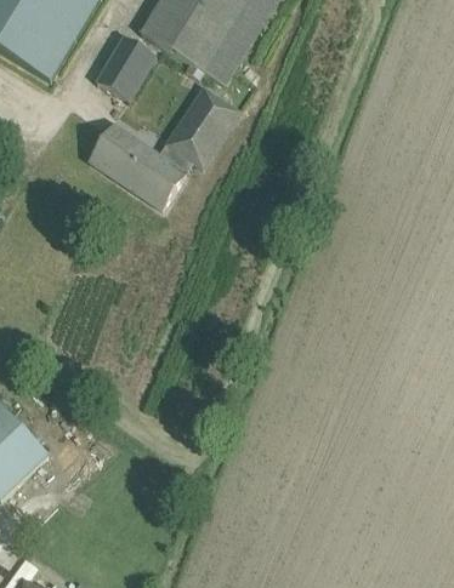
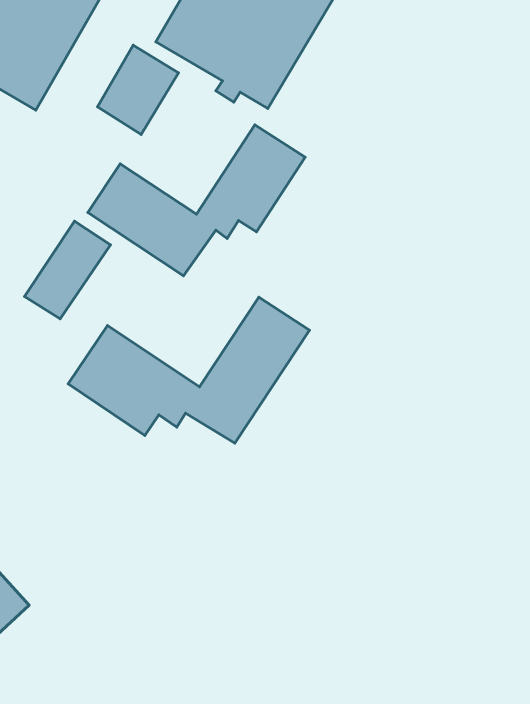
building: none -> [25,221,110,319]
building: none -> [68,297,310,443]

